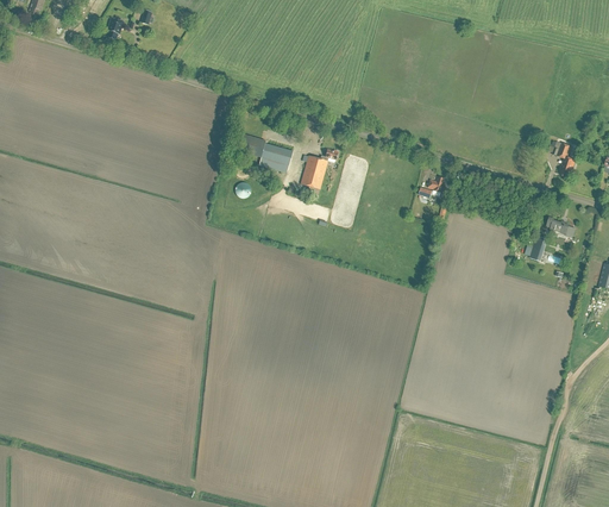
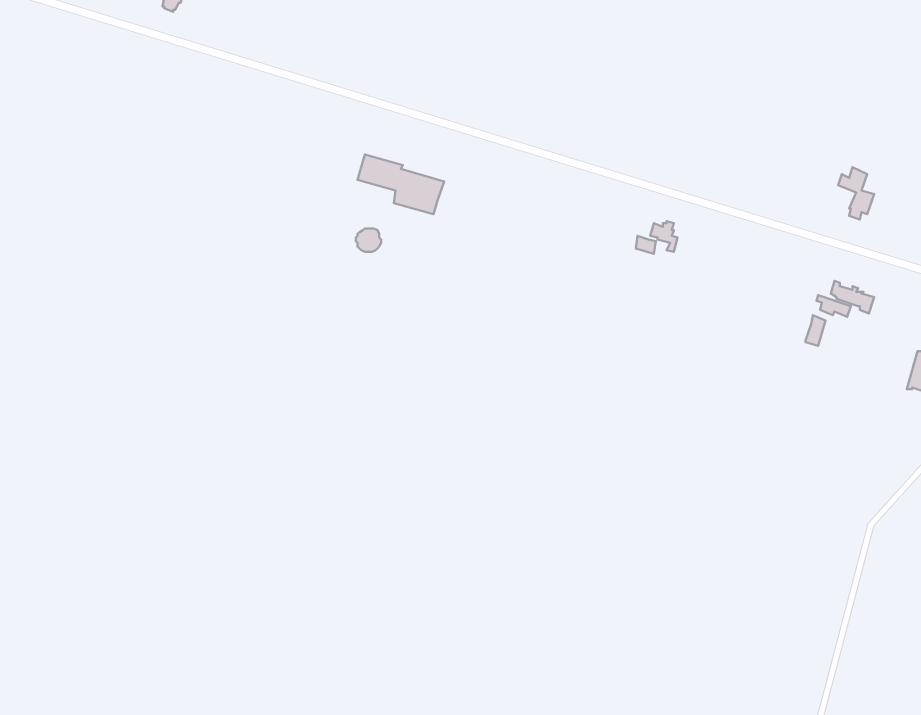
building: [301,148,338,187] -> none

